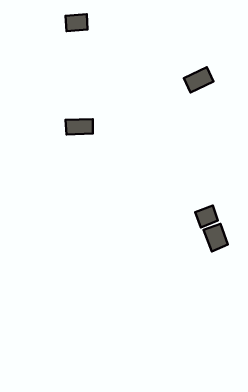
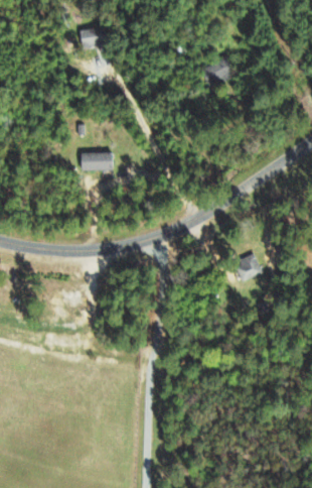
building: [184,67,213,93] -> [202,57,238,88]
building: [204,224,228,251] -> none

